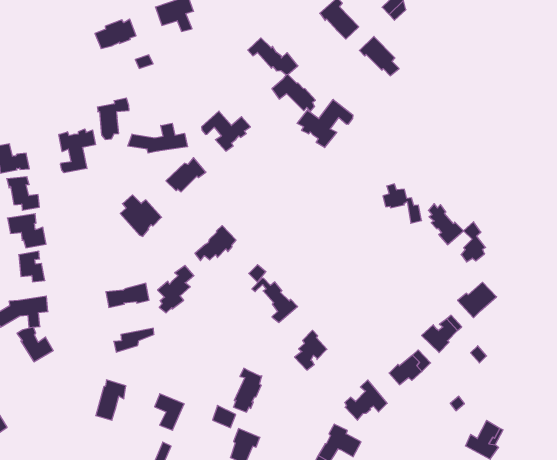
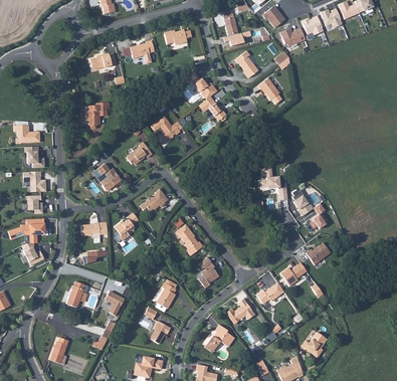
building: [297,99,353,148] -> none
building: [128,123,188,153] -> none
building: [59,129,95,173] -> none

